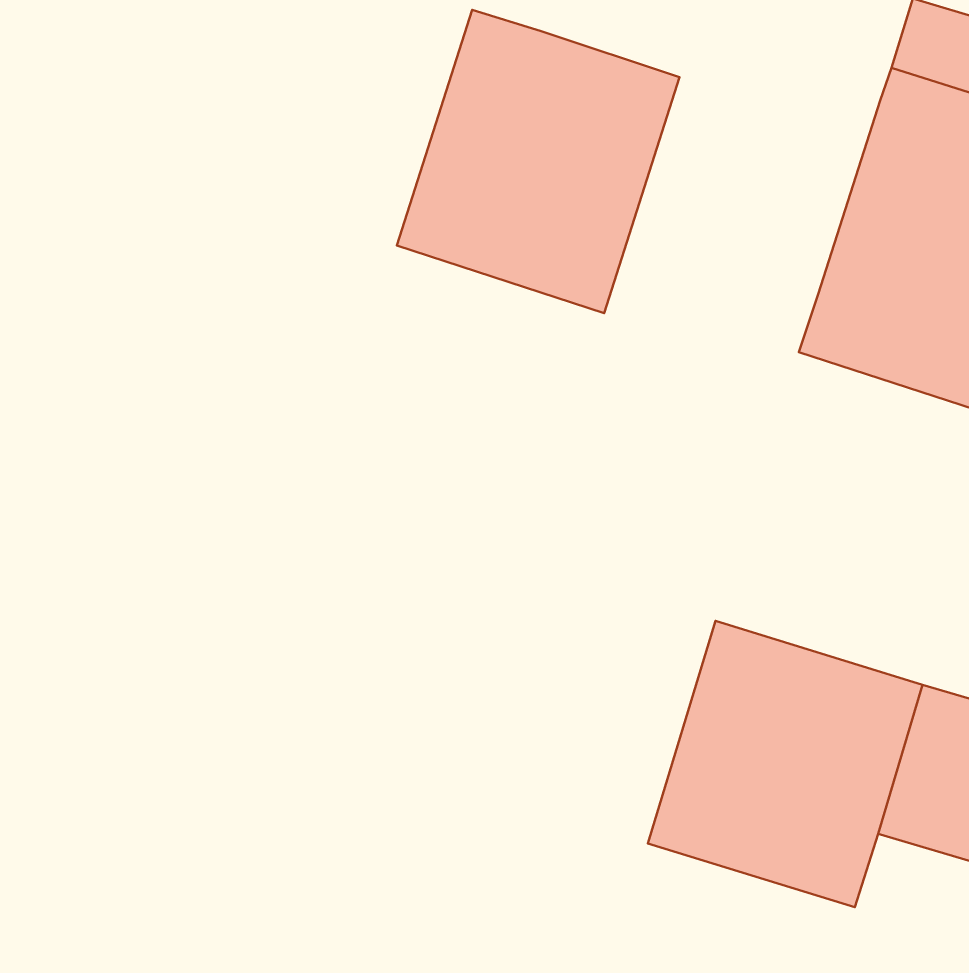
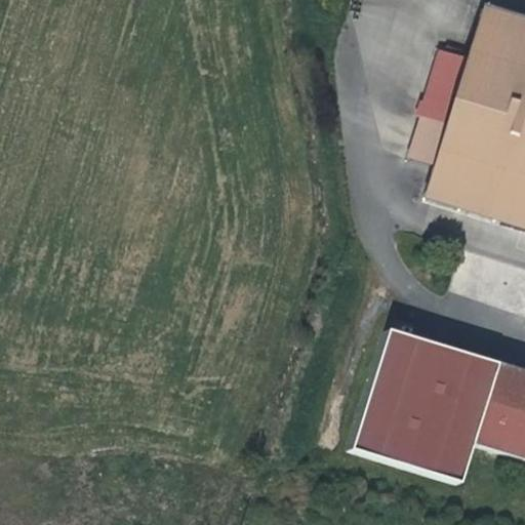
building: [397,10,680,313] -> none
building: none -> [416,44,477,156]

